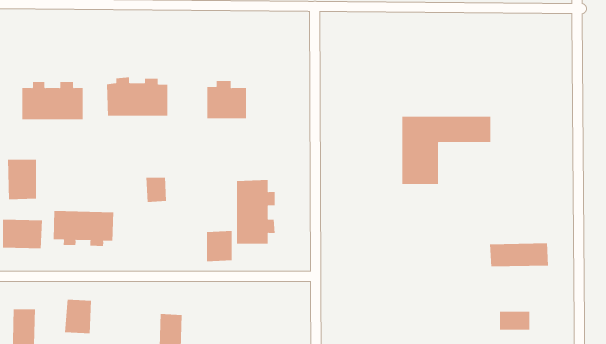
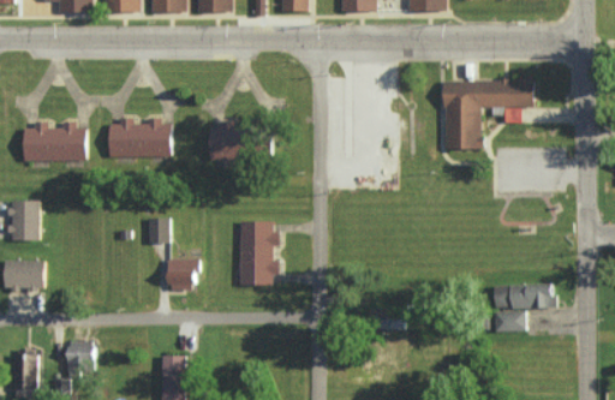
building: [402,116,491,184] -> [442,79,532,148]
building: [53,210,114,247] -> none
building: [206,231,232,262] -> [167,258,193,289]
building: [499,311,530,330] -> [492,311,524,330]

